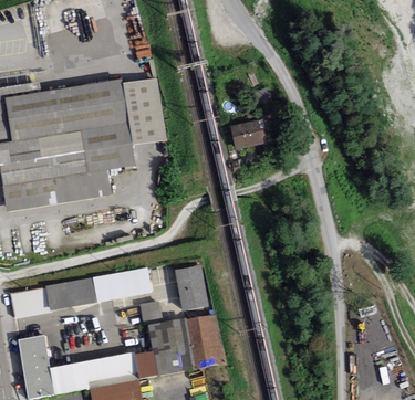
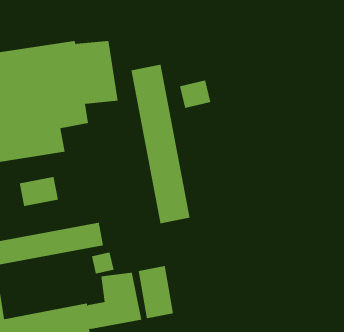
building: none -> [131,64,190,224]
building: none -> [19,176,58,207]
building: [175,265,208,310] -> none

